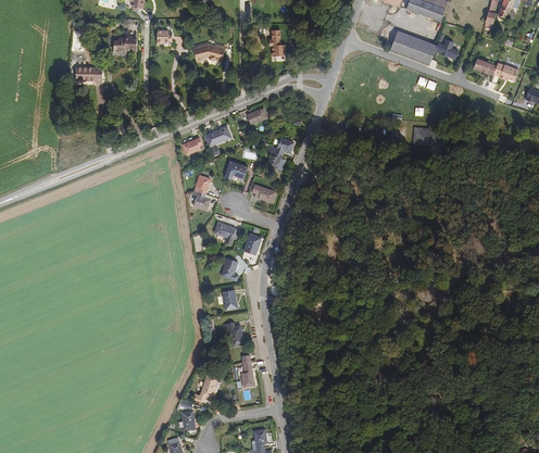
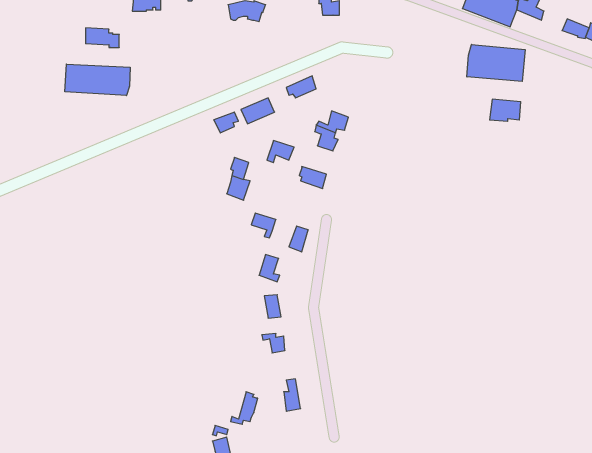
building: none -> [467,44,525,81]
building: none -> [65,64,130,96]

